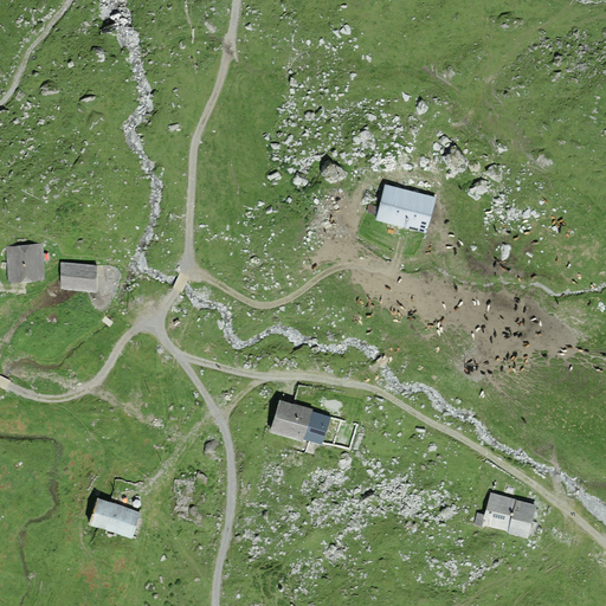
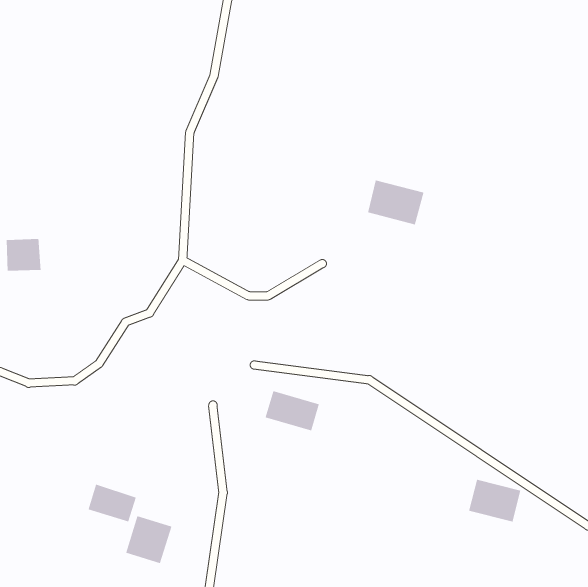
building: [60,263,97,291] -> none
building: none -> [125,515,172,564]

